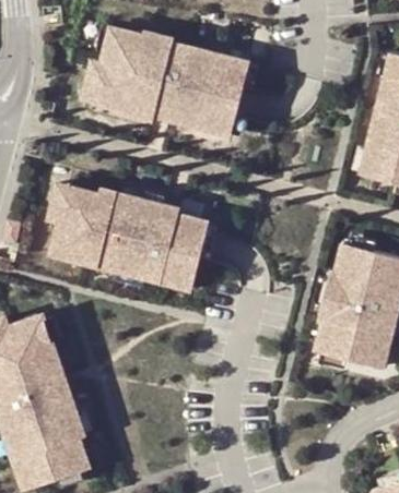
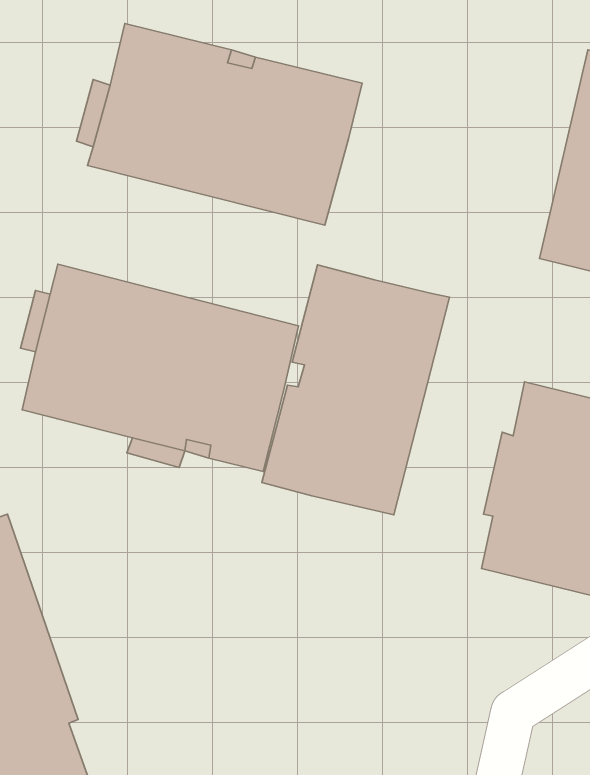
building: none -> [262,265,450,515]

